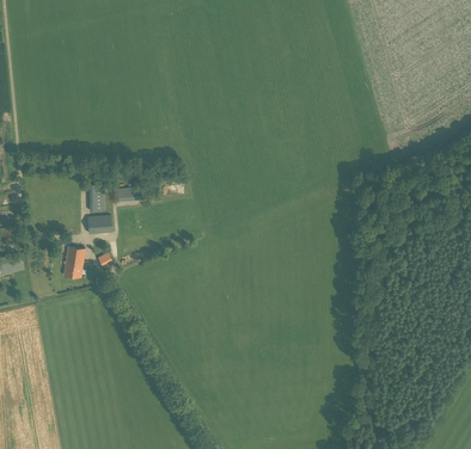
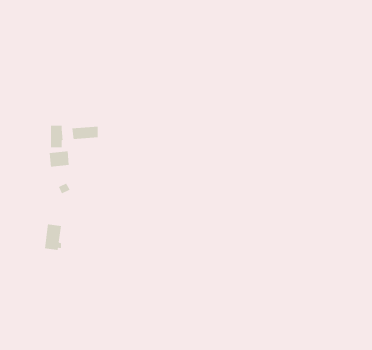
building: [63,247,84,278] -> [44,224,62,250]

